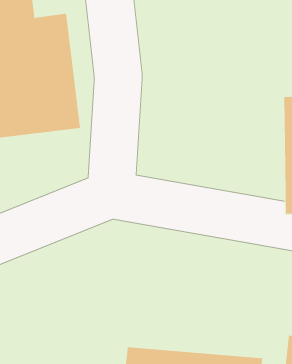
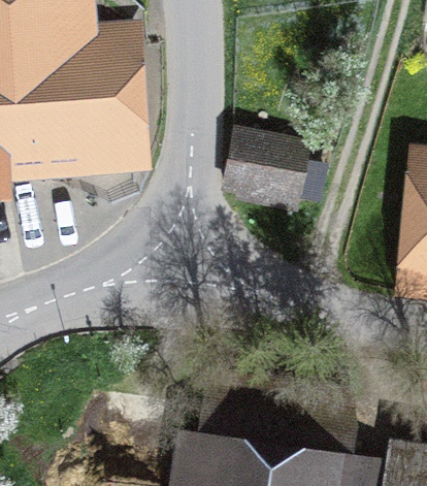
building: none -> [225,129,314,210]

